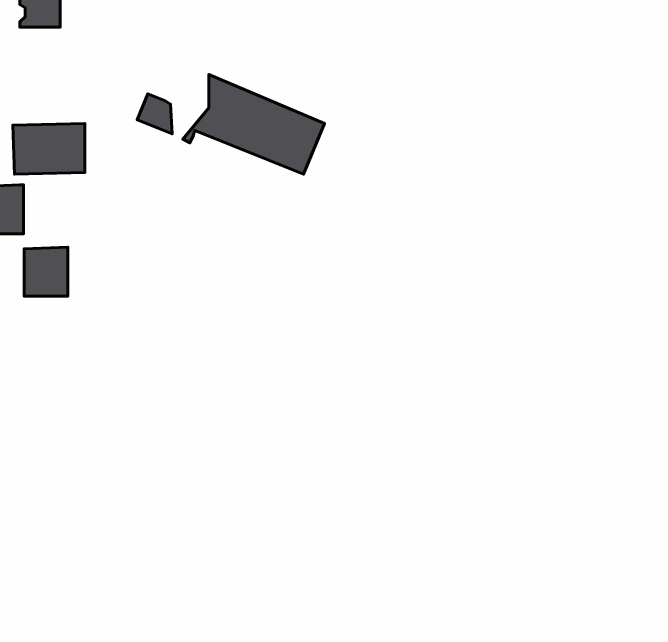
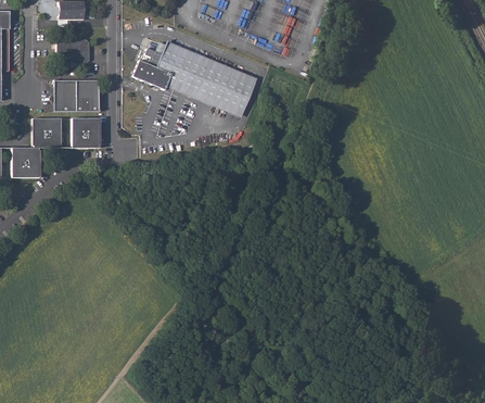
building: none -> [55,37,88,62]
building: none -> [151,43,175,88]
building: [24,247,68,296] -> [72,115,99,146]

